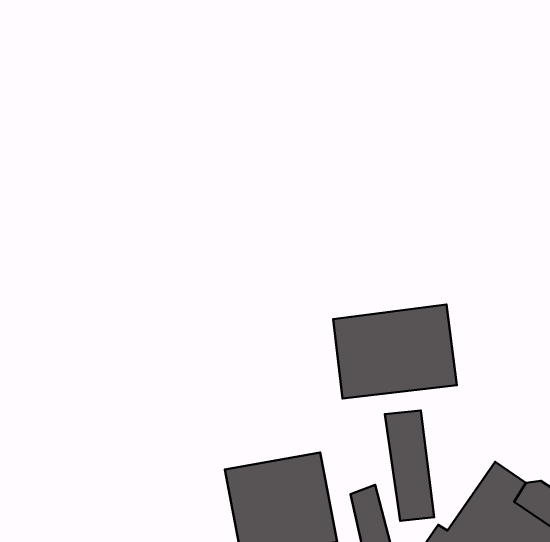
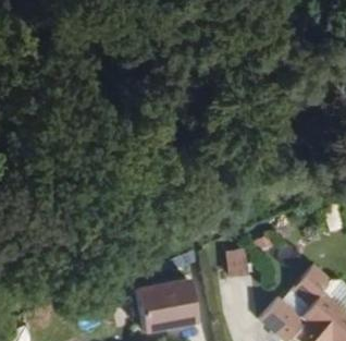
building: [333,304,457,398] -> none

